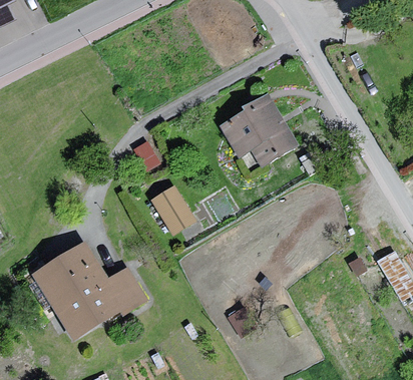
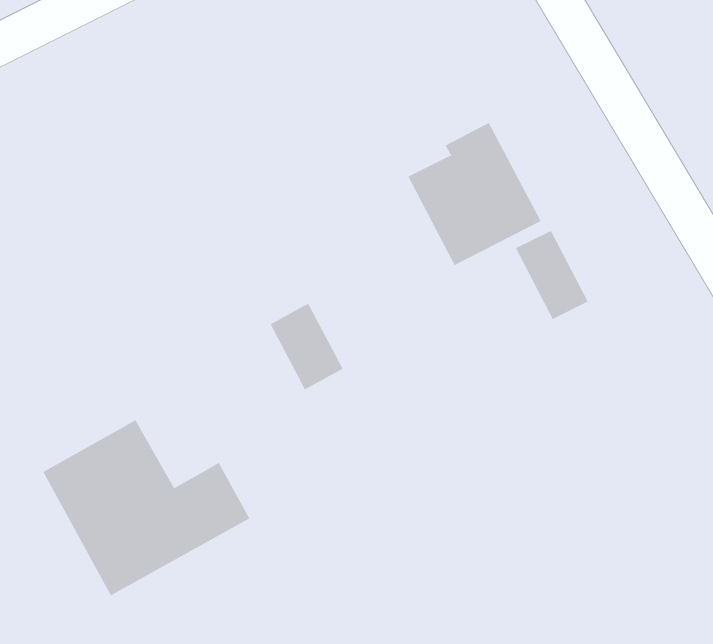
building: none -> [515,230,588,320]

